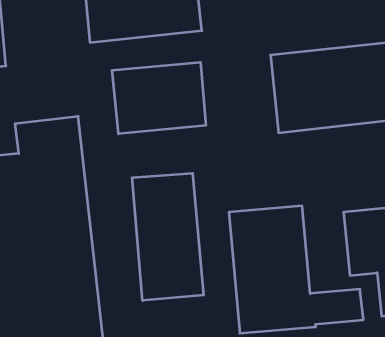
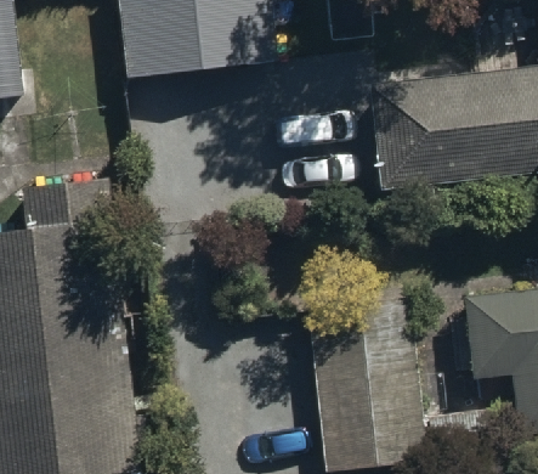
building: [112,62,206,134] -> none
building: [132,173,204,301] -> none

